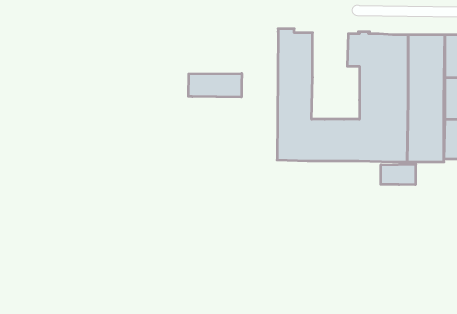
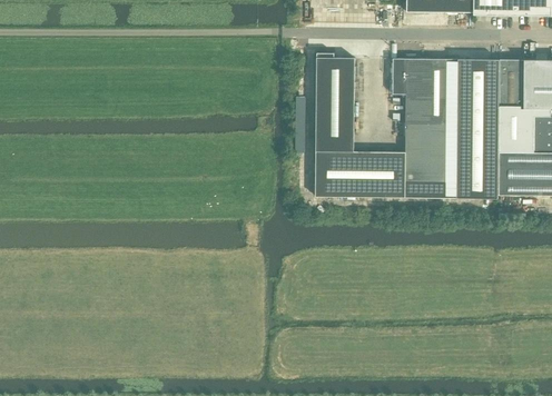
building: [188,73,242,97] -> none
building: [381,164,416,185] -> none

